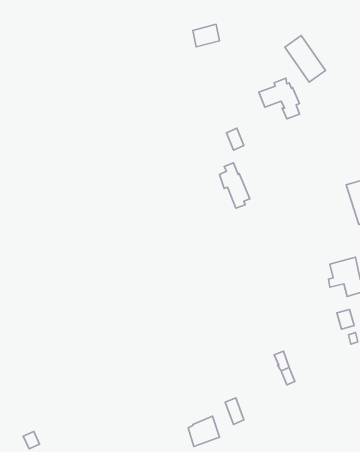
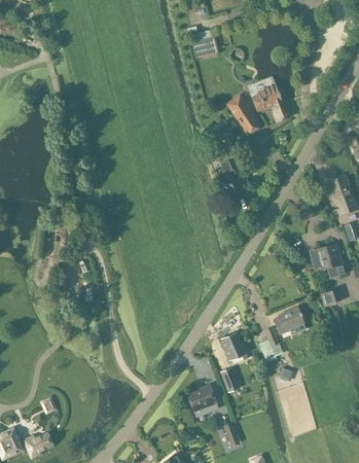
building: [285,36,326,82] -> [225,94,261,135]
building: none -> [273,308,304,334]
building: none -> [219,332,246,360]

